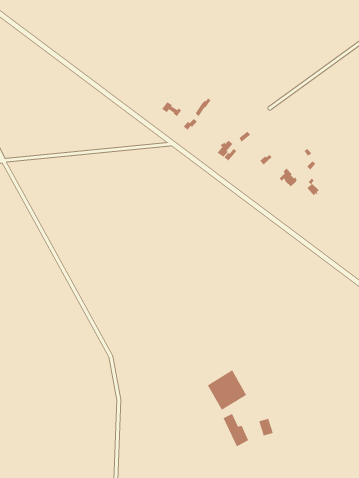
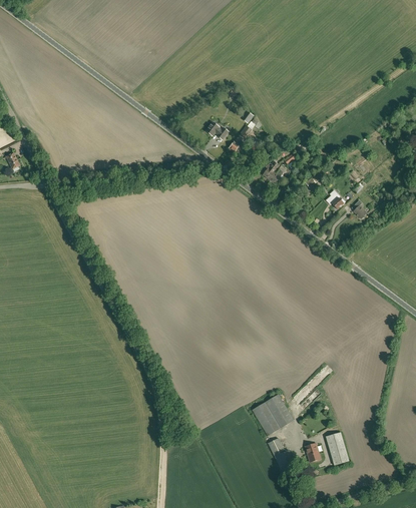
building: none -> [325,431,348,465]

